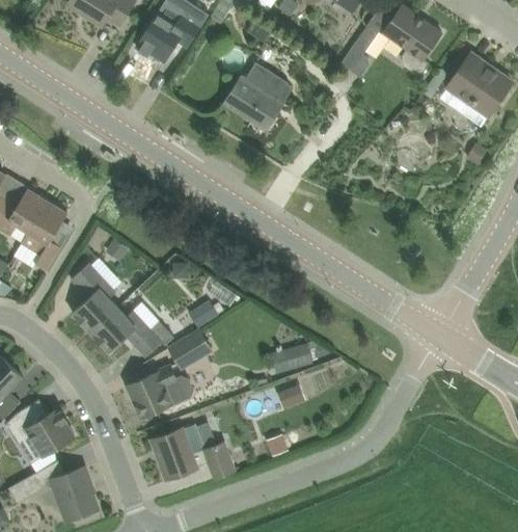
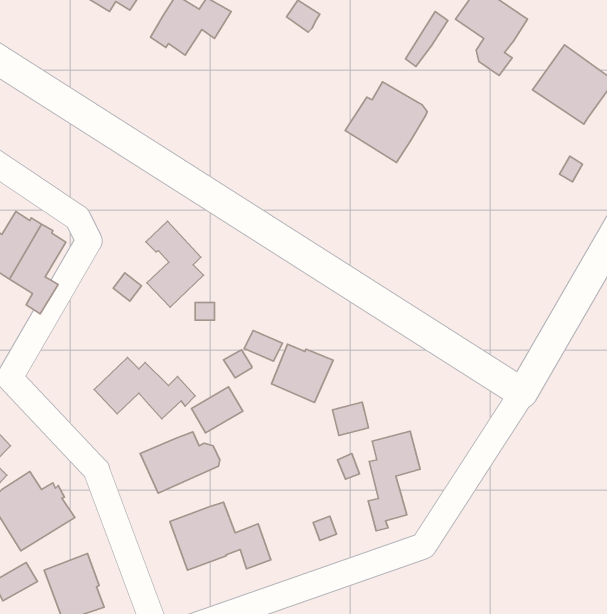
building: [224,63,291,129] -> [345,82,427,163]
building: [71,263,117,332] -> [146,221,203,307]
building: none -> [271,344,333,403]
building: none -> [368,431,420,531]

